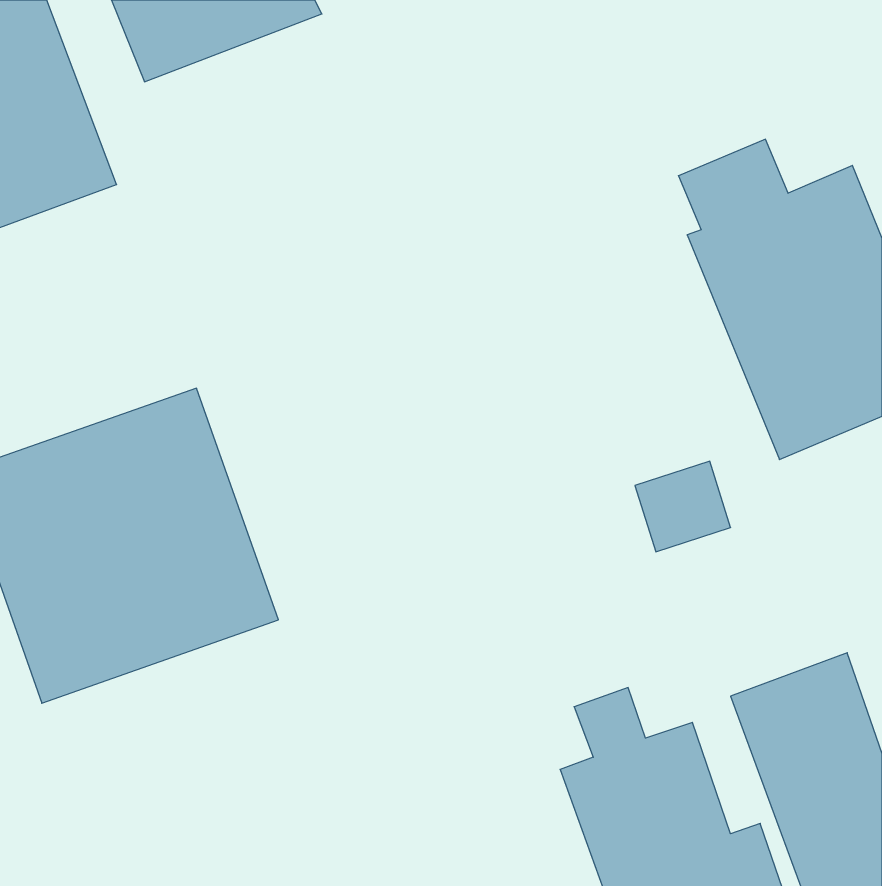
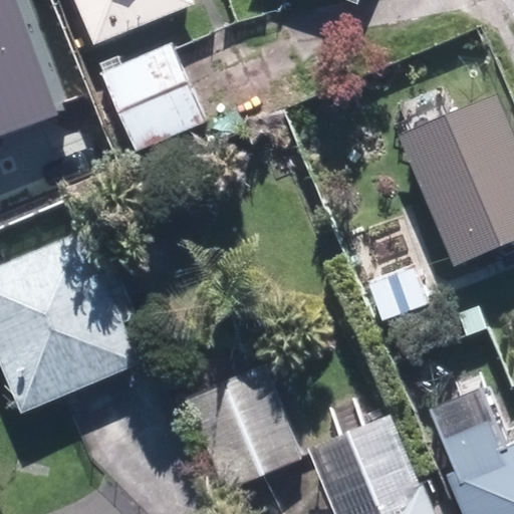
building: none -> [97,45,203,154]
building: none -> [192,362,310,490]

